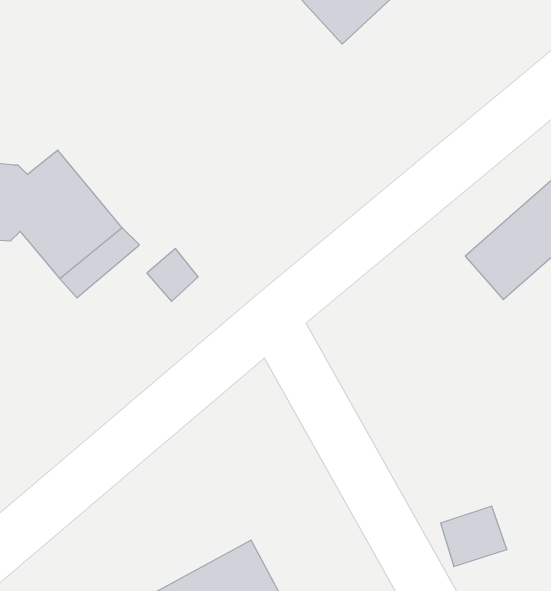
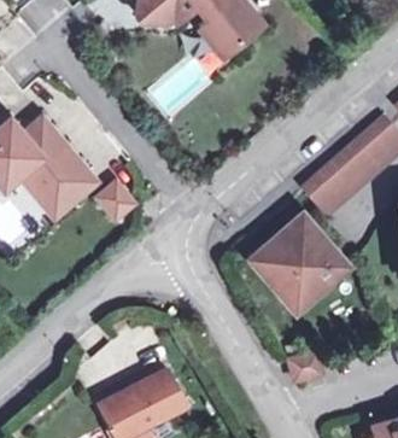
building: none -> [251,214,344,302]

